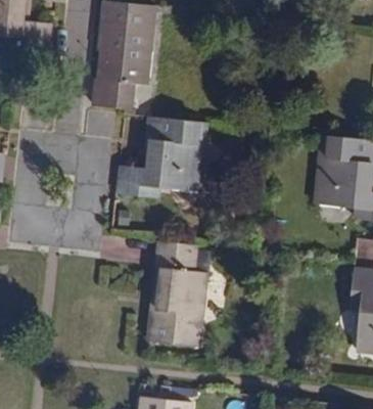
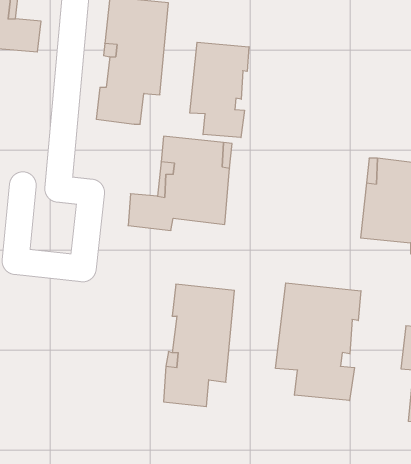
building: none -> [190,42,249,138]
building: none -> [276,283,361,401]

